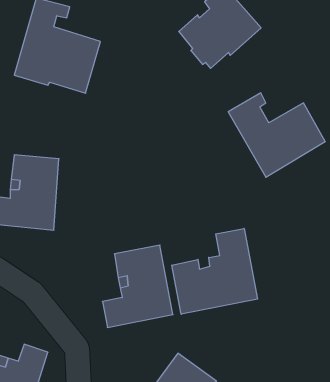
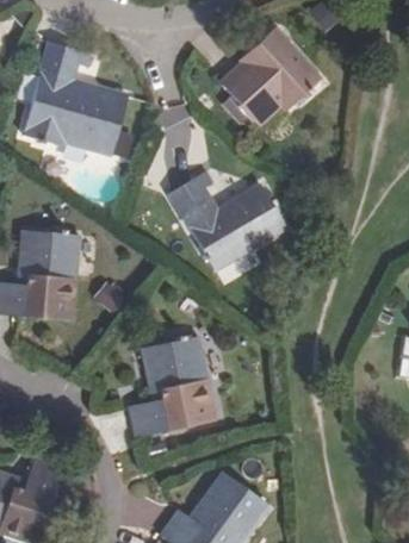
building: [228,93,325,177] -> [168,169,285,270]
building: [172,228,257,314] -> none

